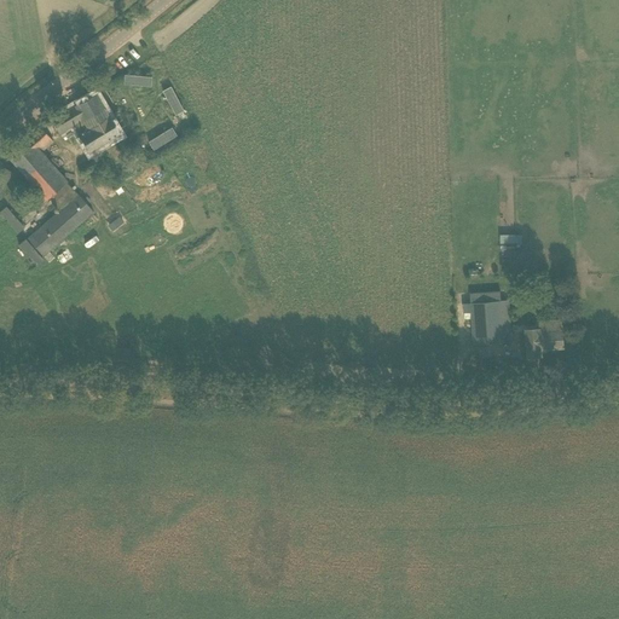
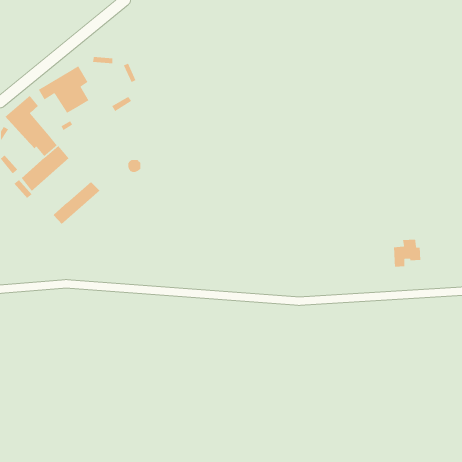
building: none -> [53,181,101,225]
building: [470,300,513,345] -> none

